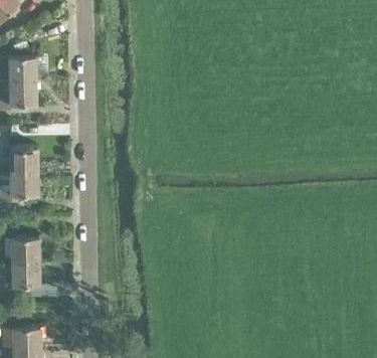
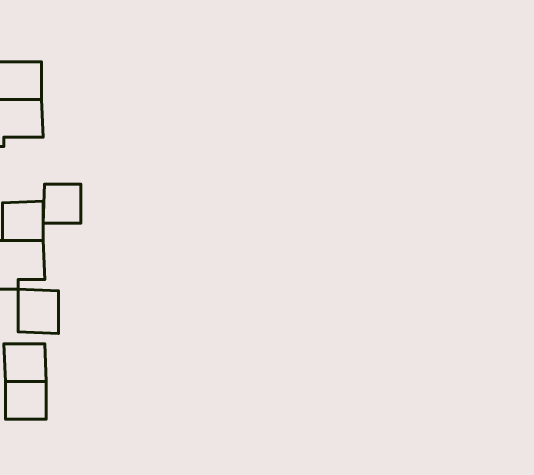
building: none -> [43,184,81,223]
building: none -> [18,289,58,333]

